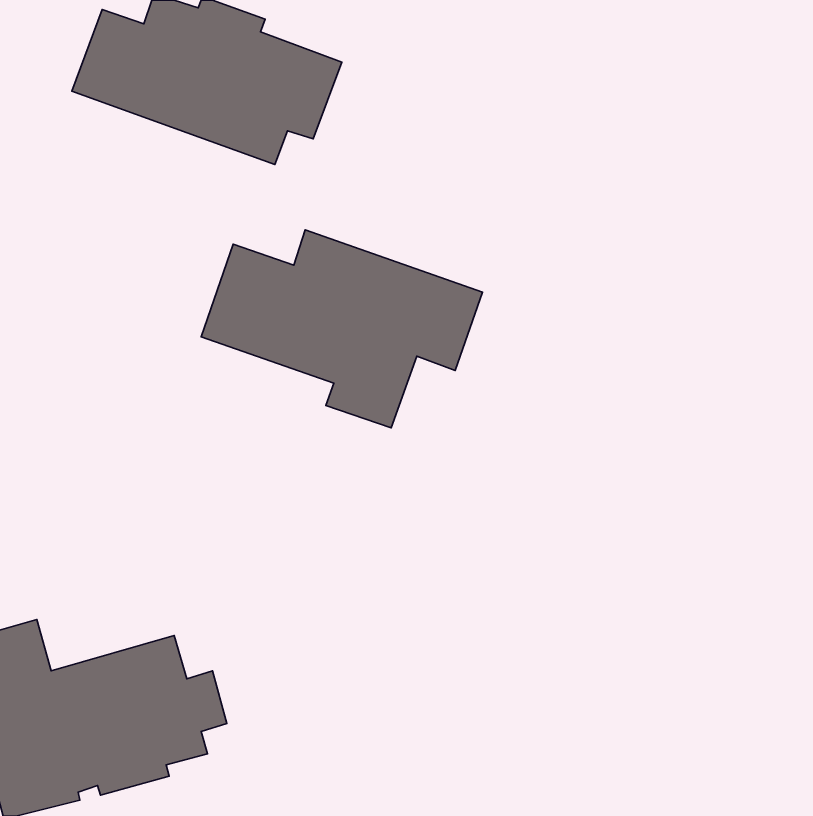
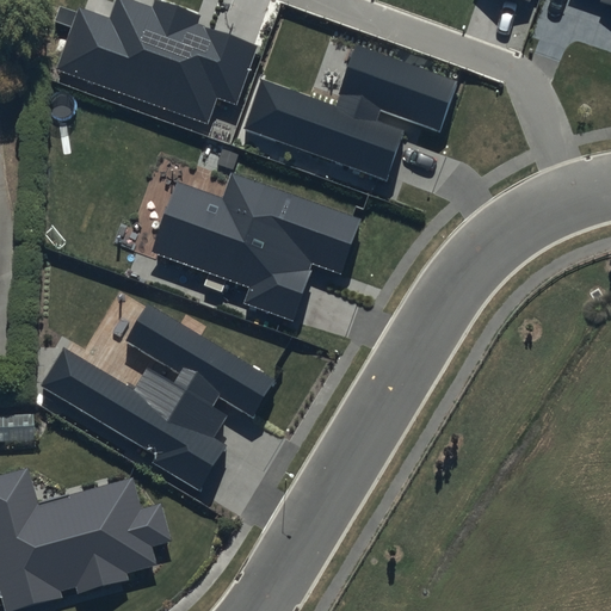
building: none -> [243,45,456,179]
building: none -> [41,301,276,490]

